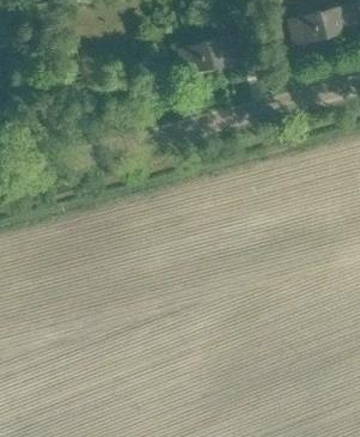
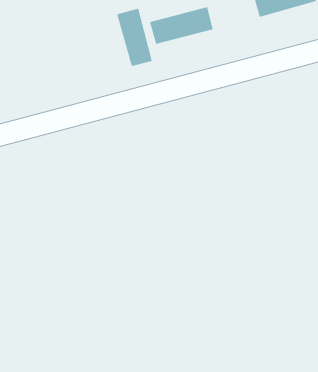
building: none -> [117,8,152,67]

